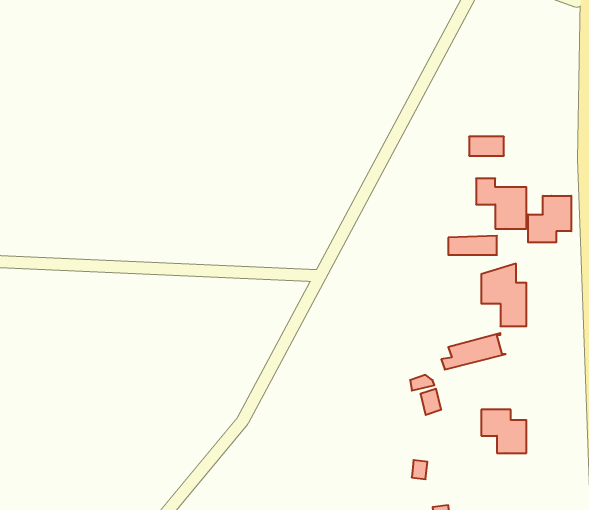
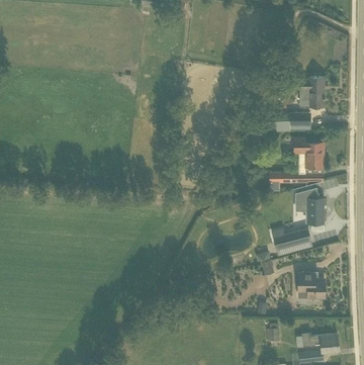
building: none -> [301,77,325,106]
building: [528,196,571,242] -> none

